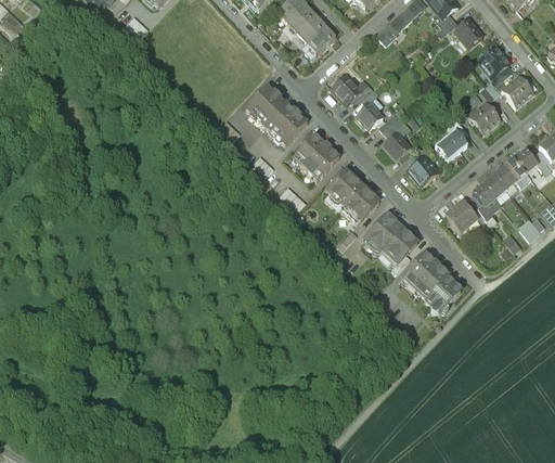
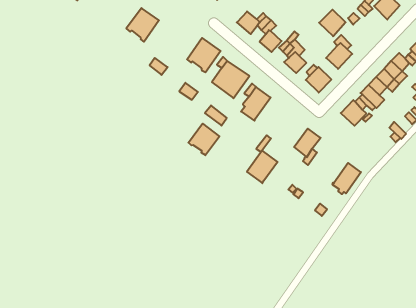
building: [246,85,287,126] -> [126,8,159,42]
building: [468,101,501,133] -> [319,10,346,36]
building: [340,184,379,223] -> none
building: none -> [188,124,219,155]
building: [364,211,403,252] -> [247,150,278,183]
building: [402,252,449,298] -> none

